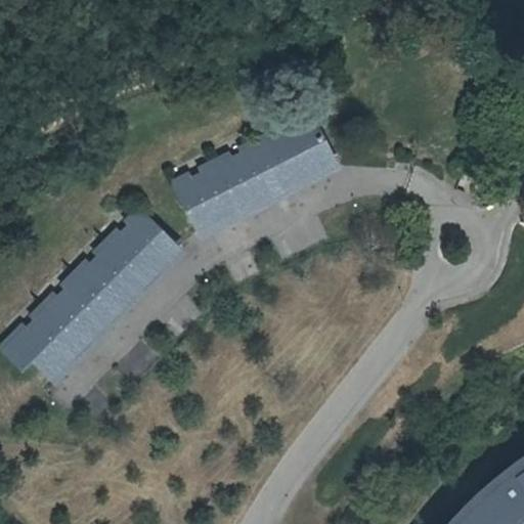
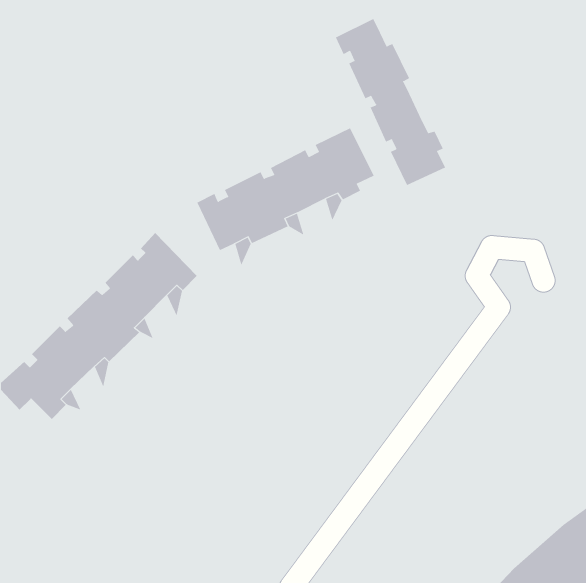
building: none -> [335,18,446,186]

